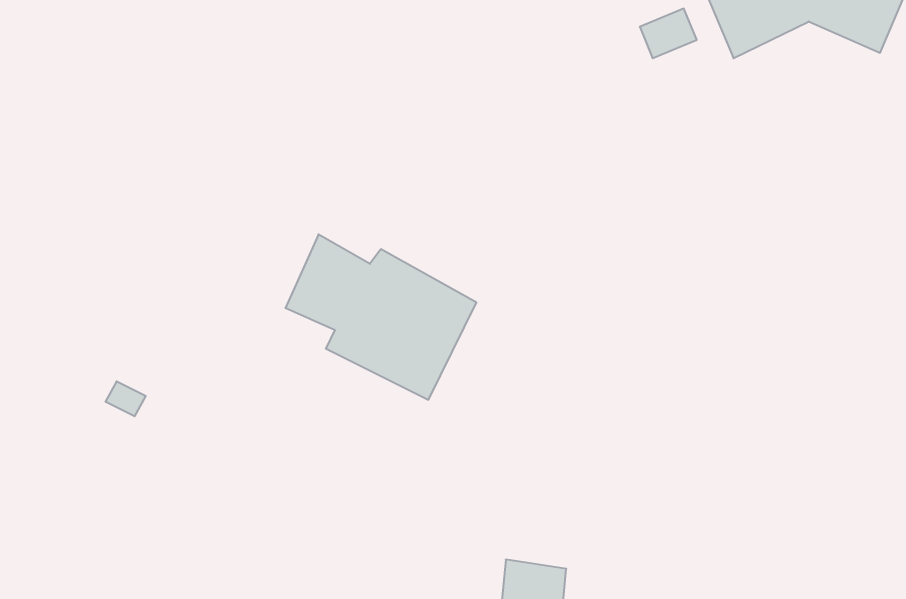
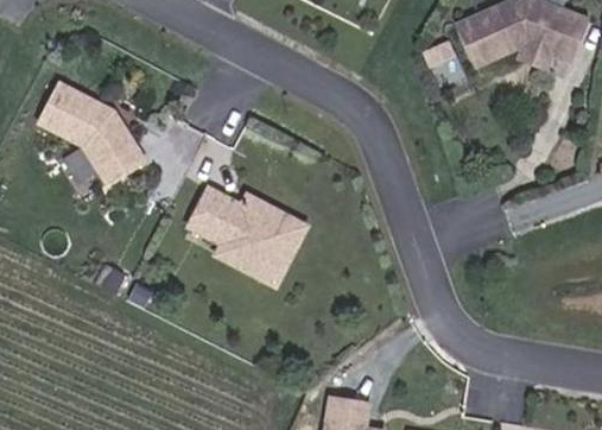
building: none -> [38,81,148,189]

